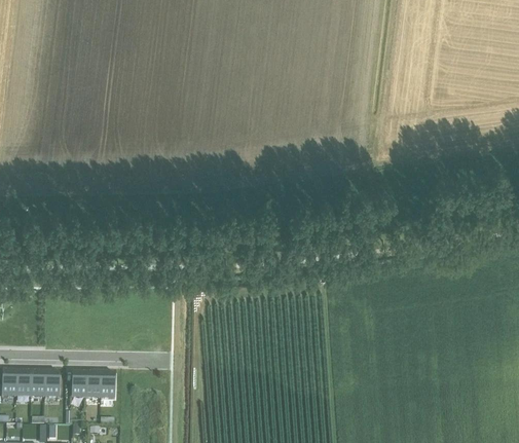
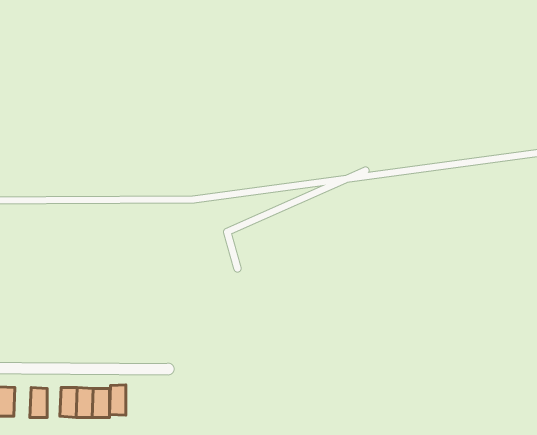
building: none -> [109,385,126,415]
building: [30,371,45,398] -> none

